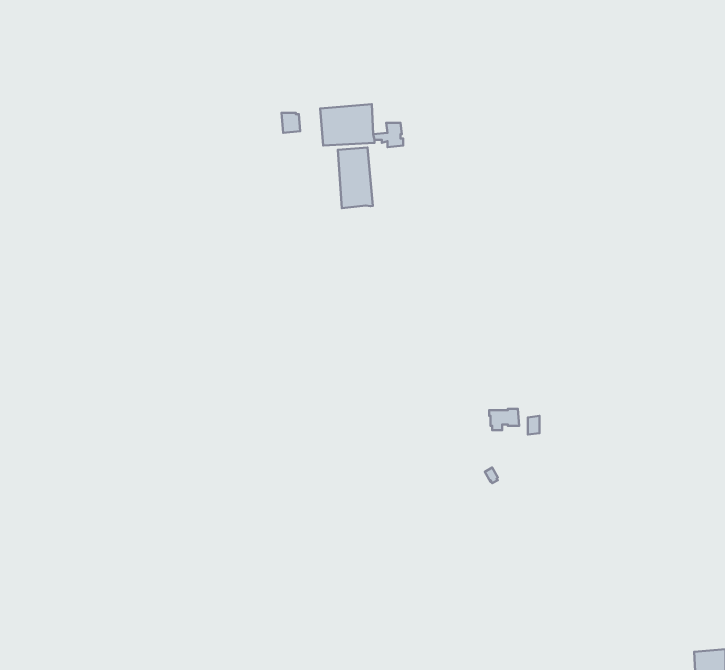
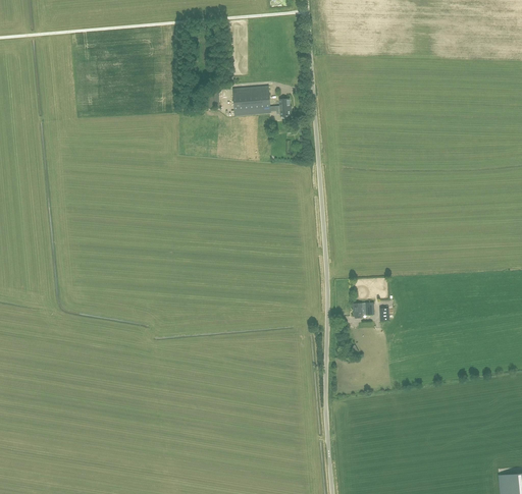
building: [338,148,373,208] -> none

